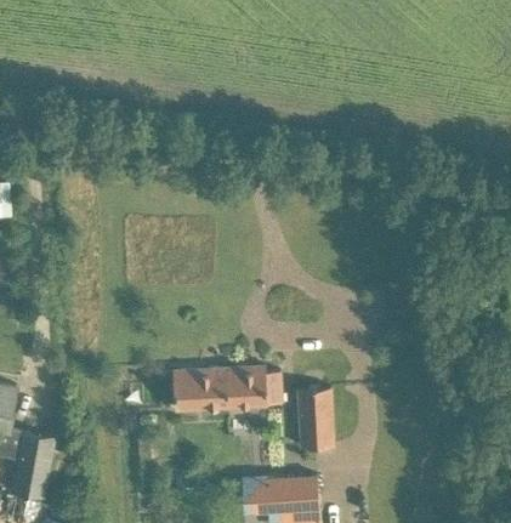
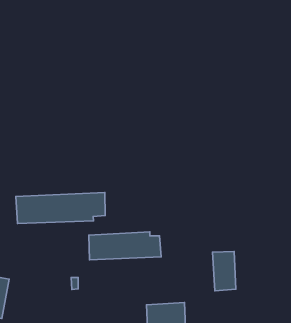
building: none -> [16,193,105,224]
building: [297,388,333,448] -> [213,251,236,291]

